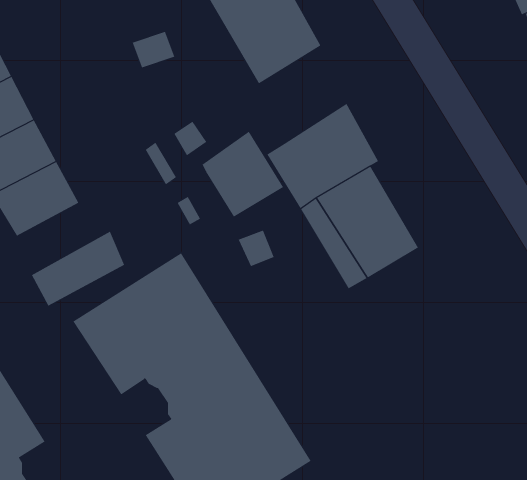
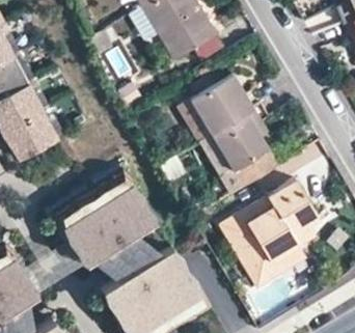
building: [202,131,284,218] -> none
building: [31,231,125,307] -> none
building: none -> [216,178,316,286]

